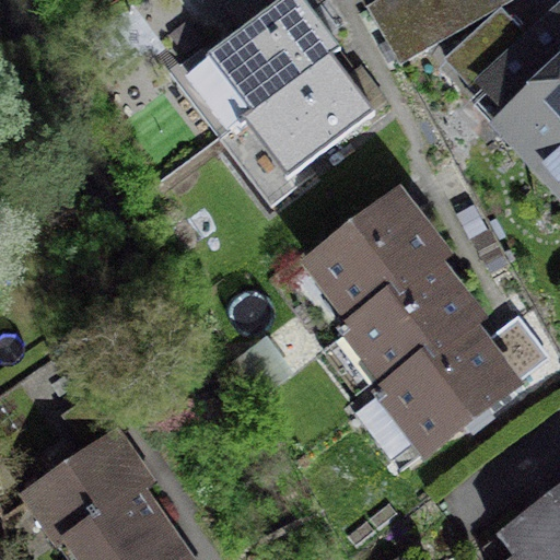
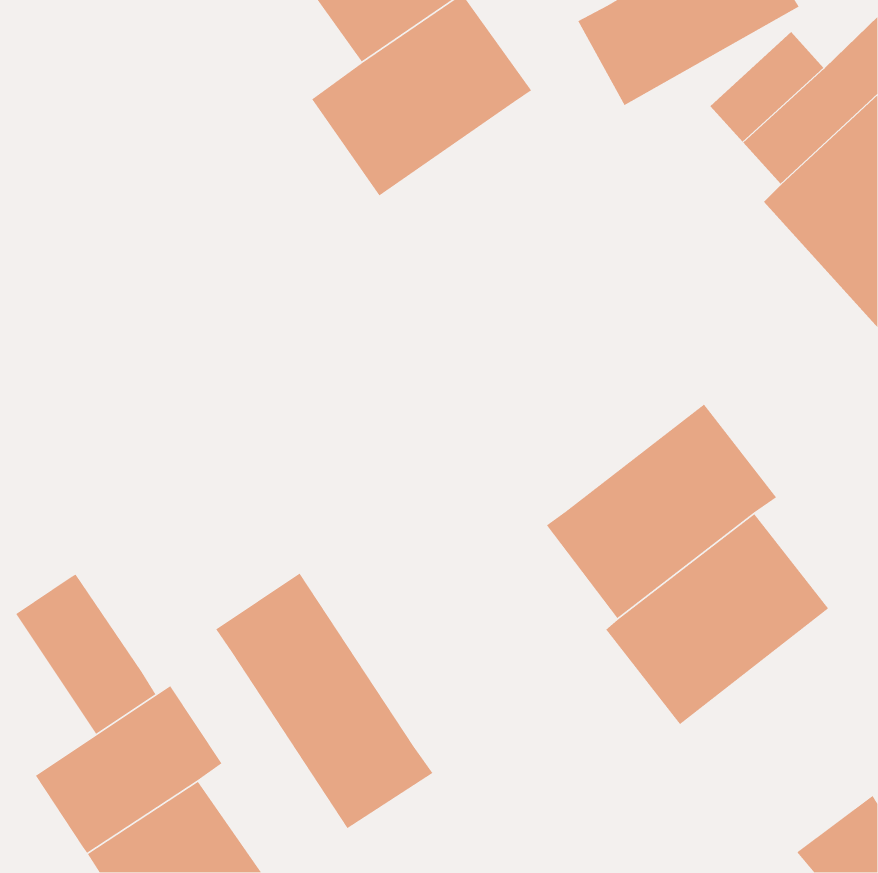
building: [232,65,369,194] -> none
building: [305,179,457,322] -> none
building: none -> [215,572,434,829]
building: none -> [15,573,157,735]

